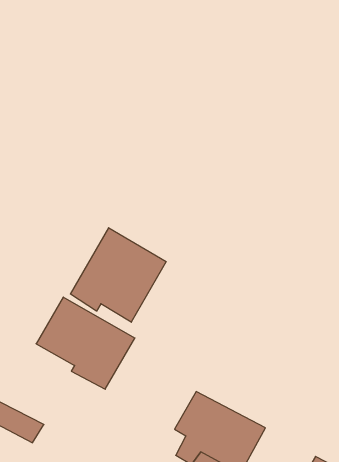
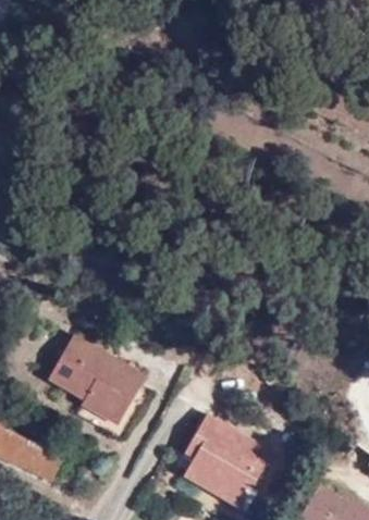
building: [70,228,166,322] -> none

